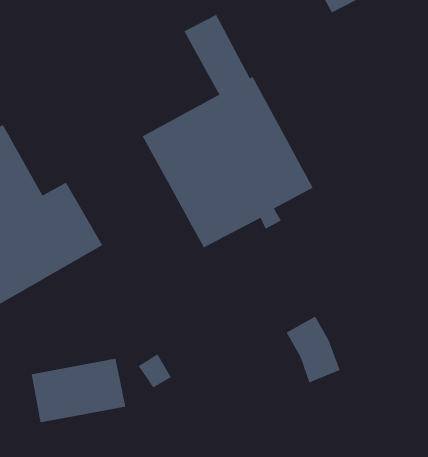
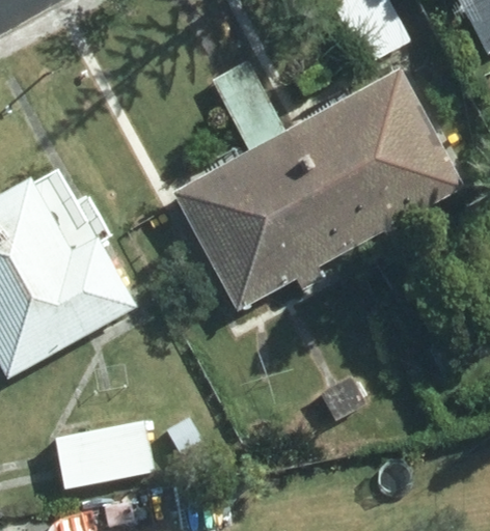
building: none -> [290,69,459,244]

